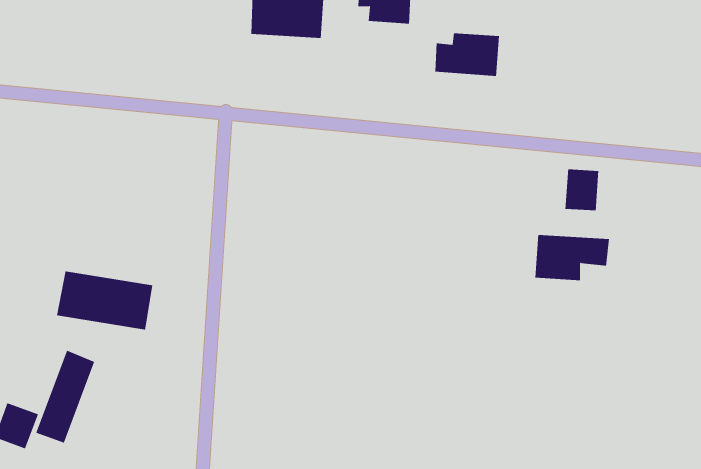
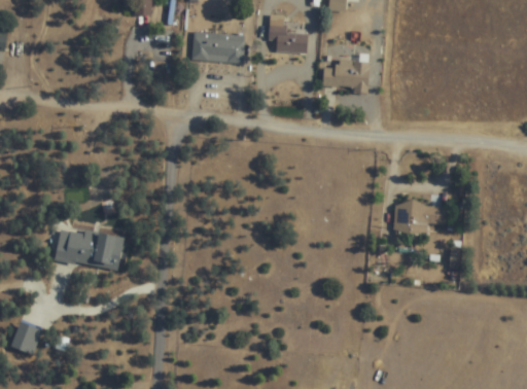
building: [565,168,599,211] -> none
building: [35,350,95,443] -> none

